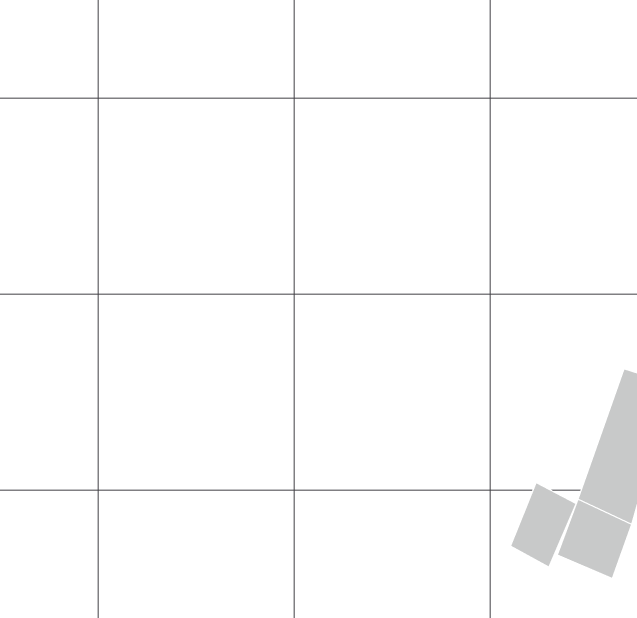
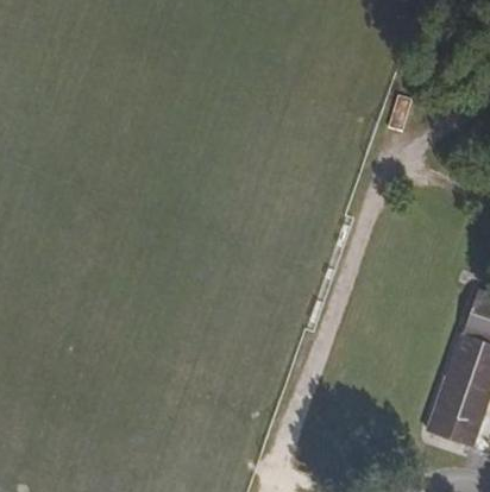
building: [511,483,576,567] -> none

